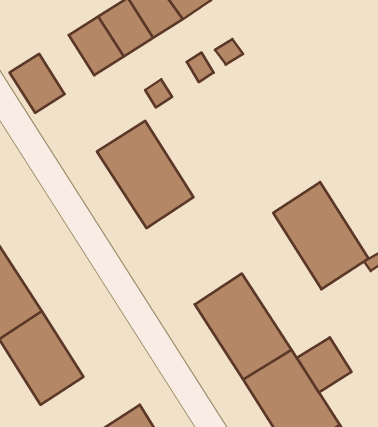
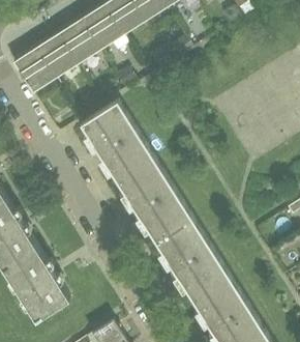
building: none -> [34,33,77,79]
building: [273,182,368,289] -> [117,159,190,241]
building: [297,337,351,392] -> none

